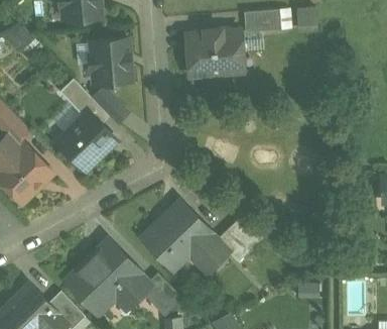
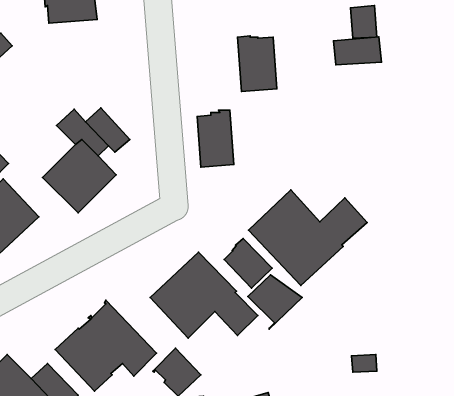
building: [243,10,281,32] -> [333,37,381,65]
building: [185,30,215,76] -> [197,110,234,167]
building: [88,38,129,83] -> none
building: none -> [248,190,367,285]
building: none -> [224,238,272,288]

